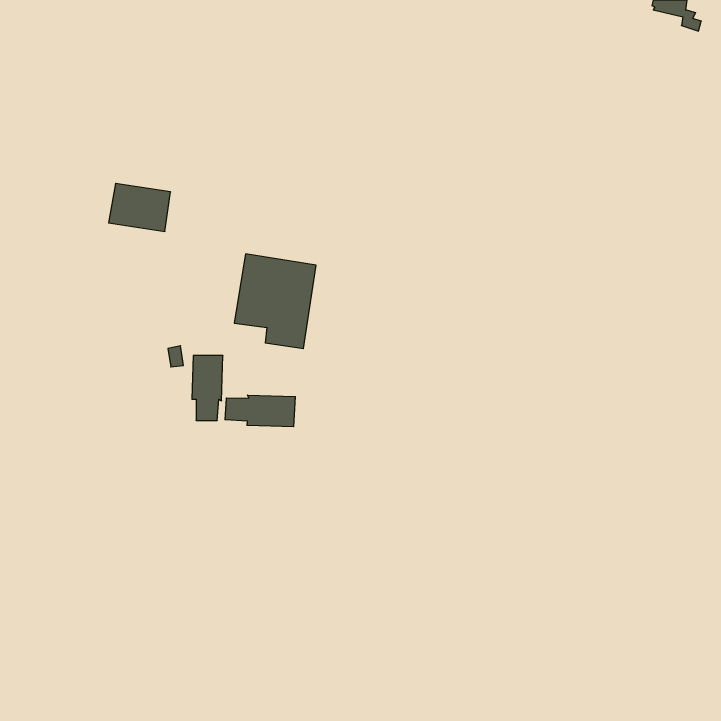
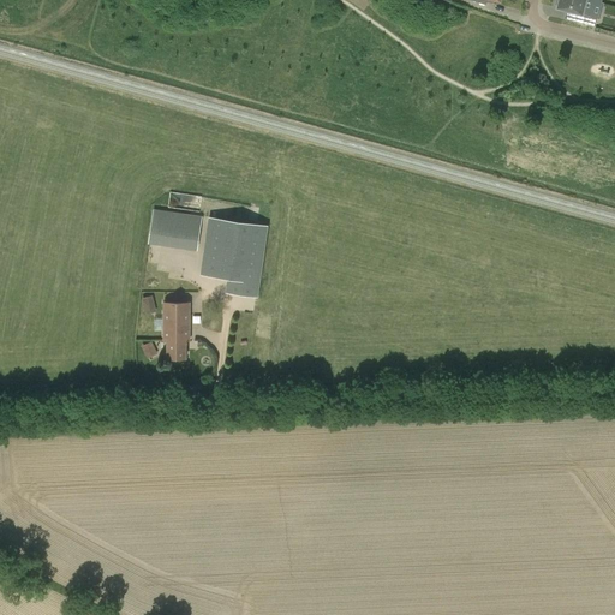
building: [109,183,171,231] -> [148,210,201,251]
building: [225,395,295,427] -> none

